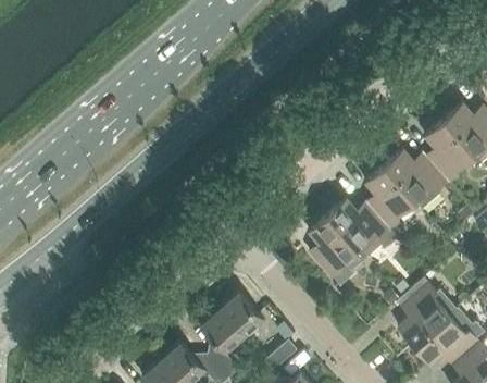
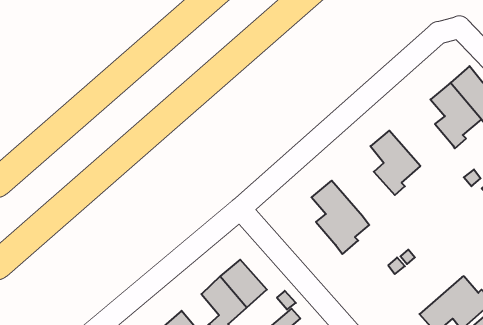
building: [383,149,445,209] -> none
building: [326,198,396,258] -> none
building: [396,282,453,345] -> none

